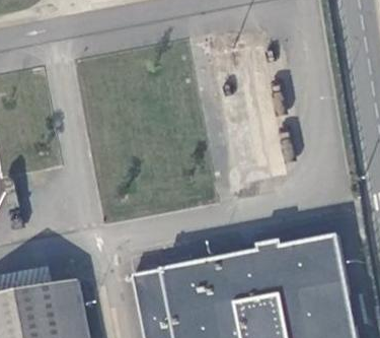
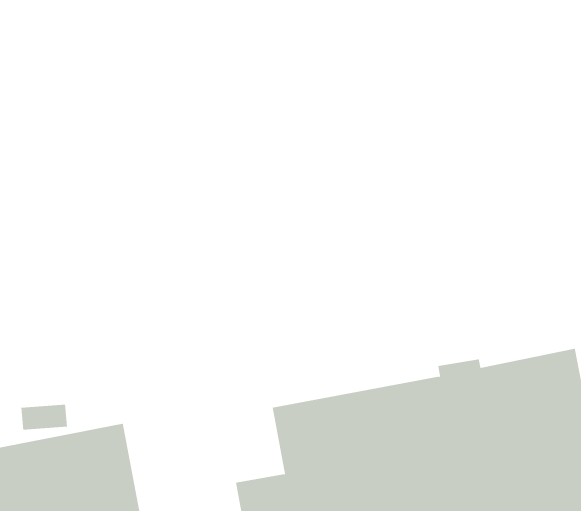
building: [132,270,168,314] -> none

